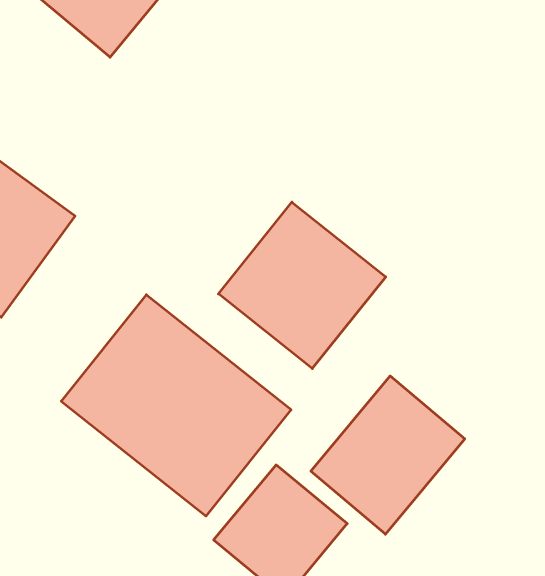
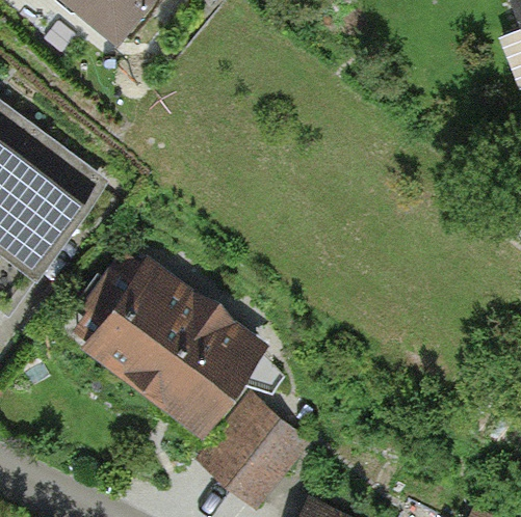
building: [218,202,386,369] -> none
building: [311,376,465,534] -> none

